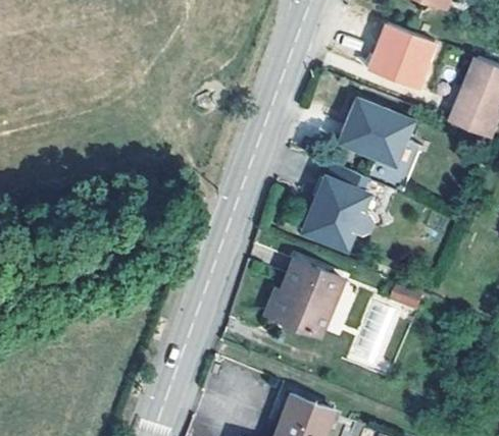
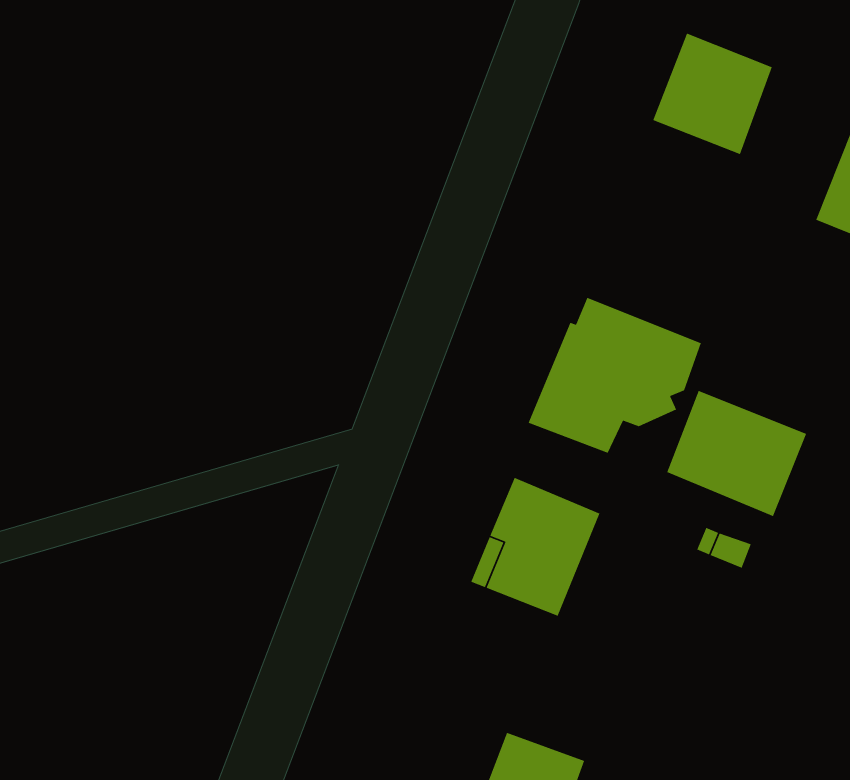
building: [337,99,410,163] -> none
building: none -> [666,390,807,517]

